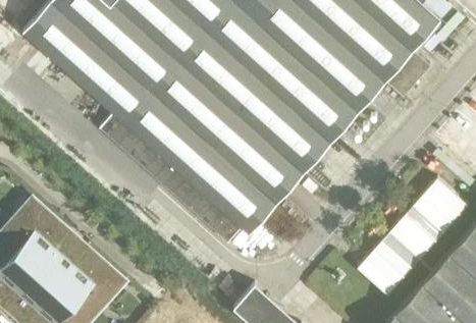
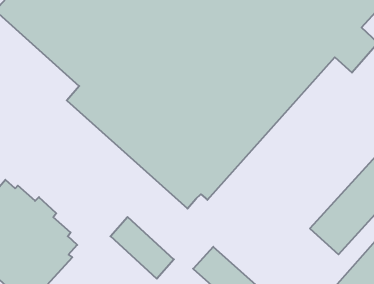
building: none -> [110,217,174,279]

